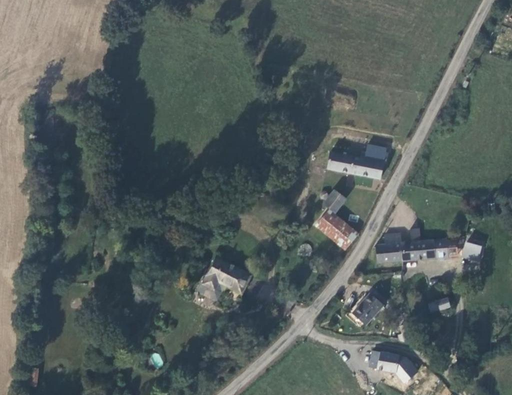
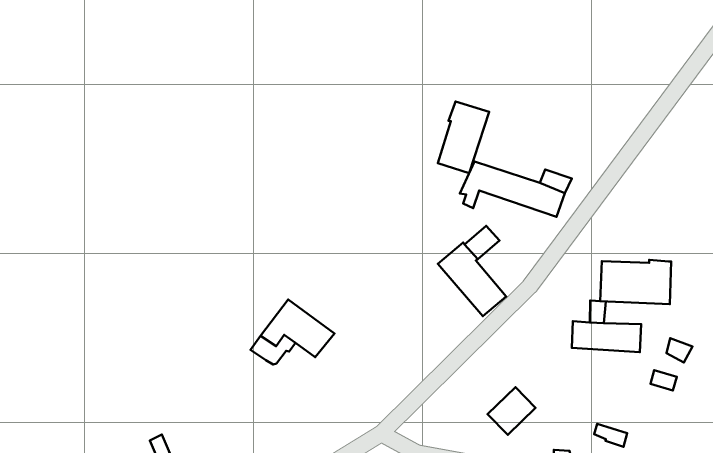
building: none -> [438,101,489,173]
building: none -> [600,260,671,304]
building: [376,234,404,263] -> none

